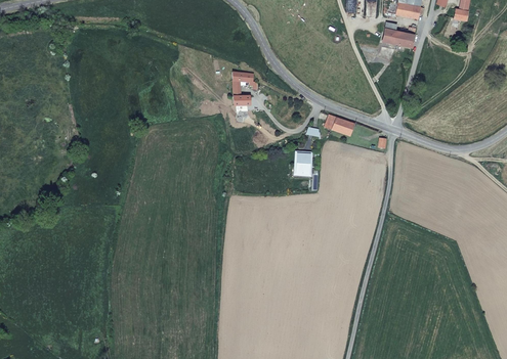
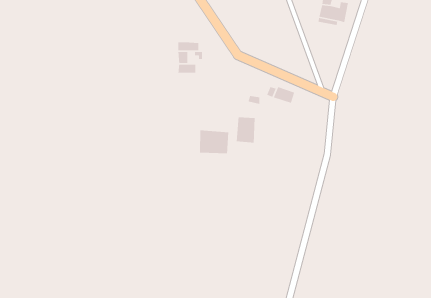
building: none -> [199,130,229,154]

